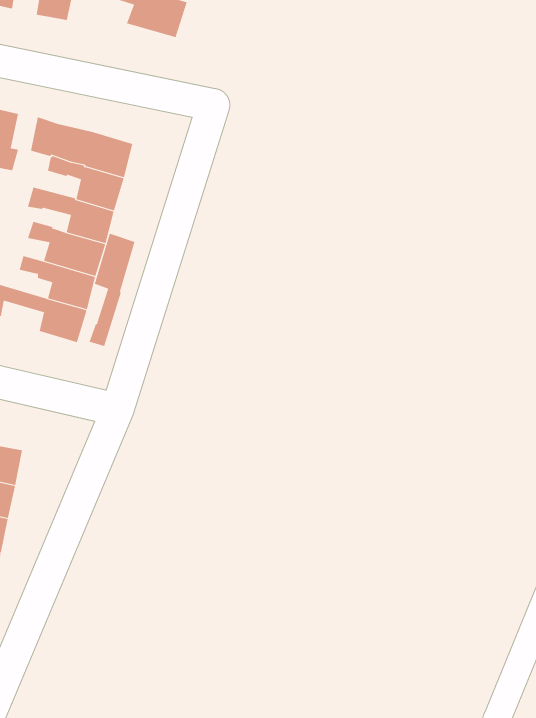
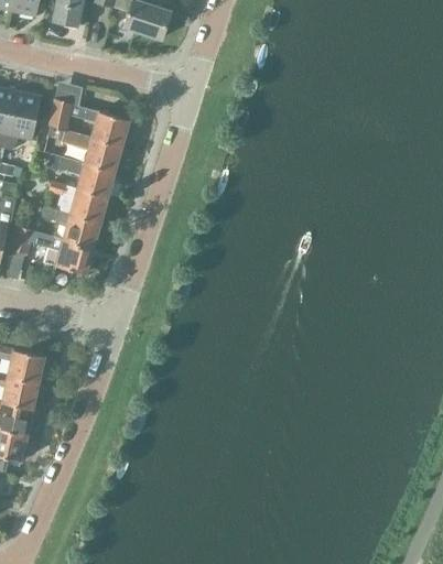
building: [89,233,135,347] -> none

